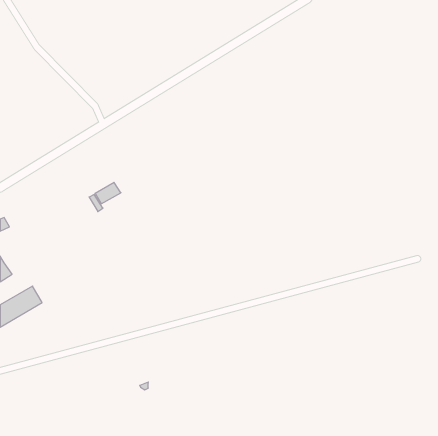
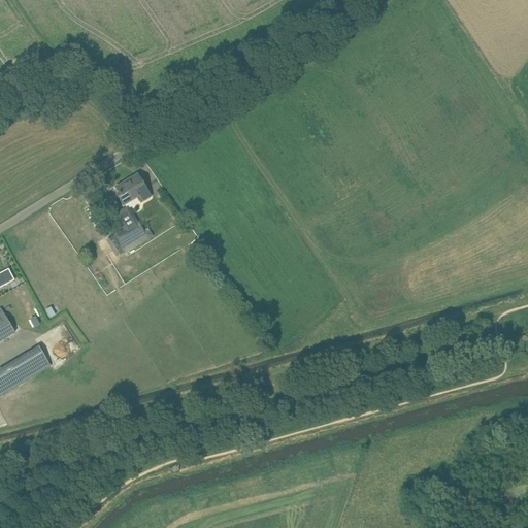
building: none -> [117,173,150,204]

